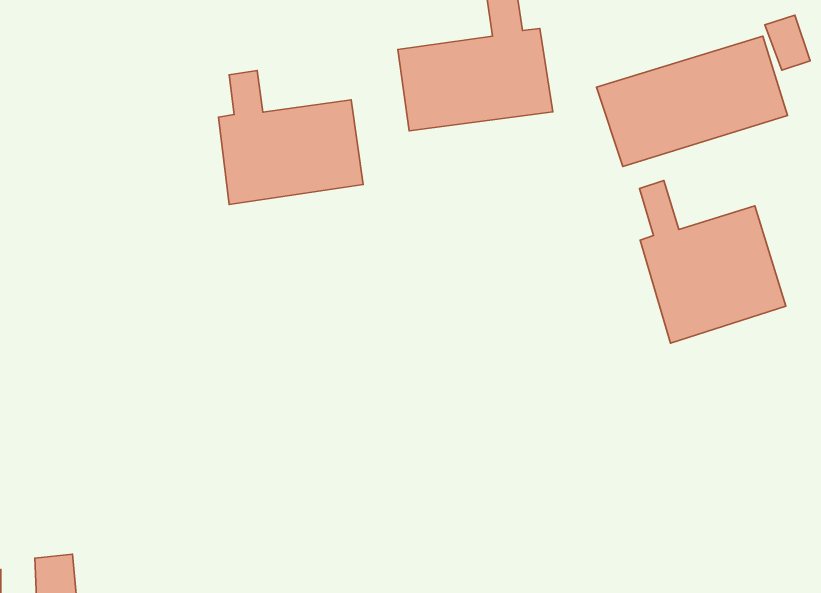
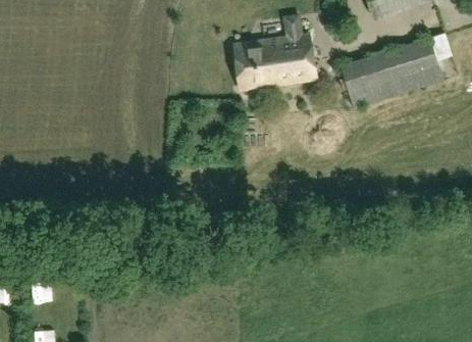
building: [219,71,363,204] -> none
building: [640,181,786,343] -> none

